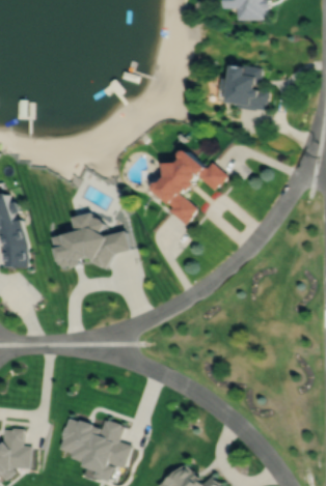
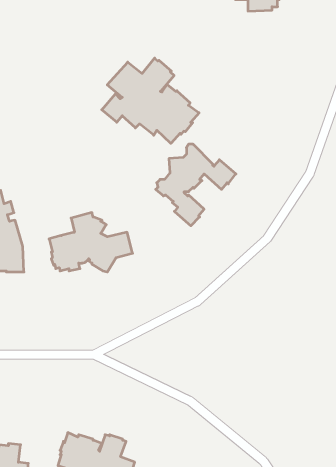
building: [219,65,268,110] -> none
building: none -> [102,58,199,143]

